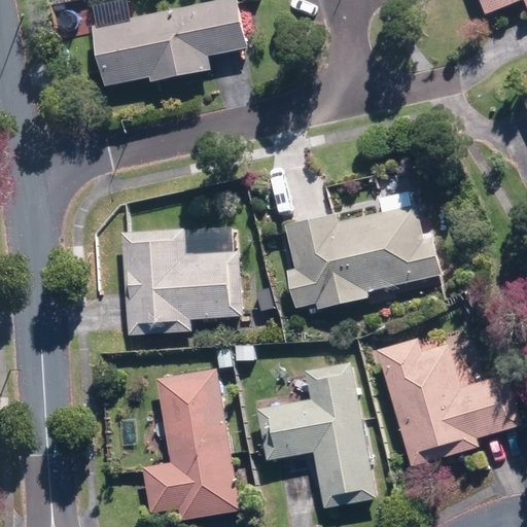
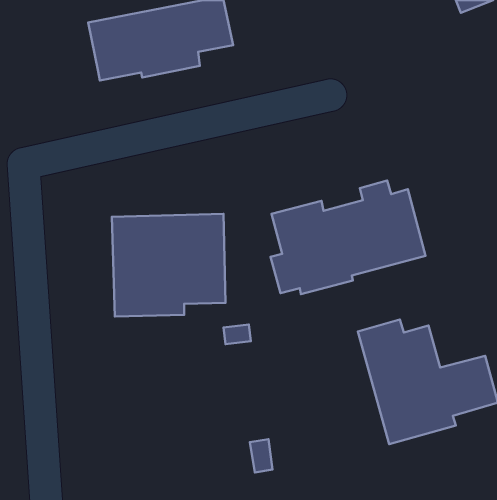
building: [257,360,375,507] -> none
building: [140,364,242,520] -> none

